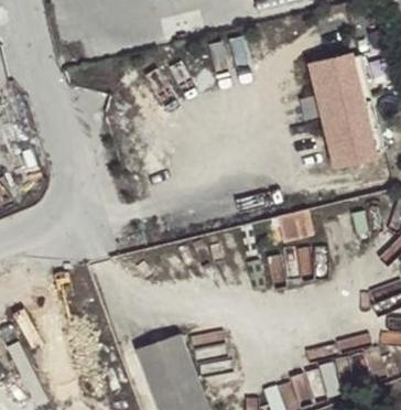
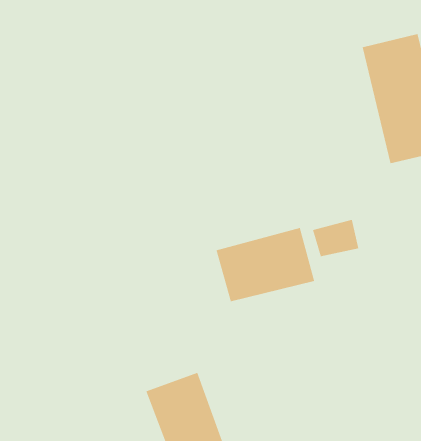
building: none -> [216,227,315,302]

